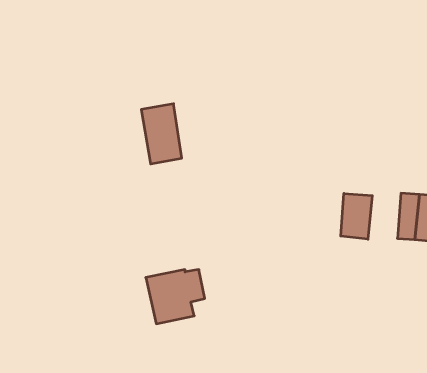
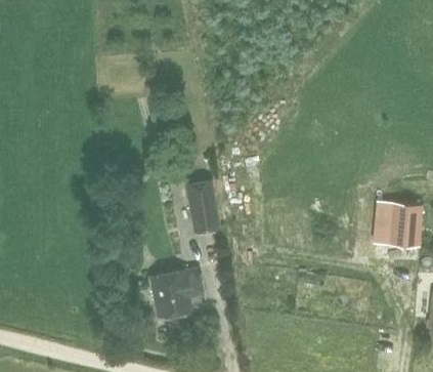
building: [141,104,182,164] -> [184,180,220,234]
building: [341,193,372,239] -> none

